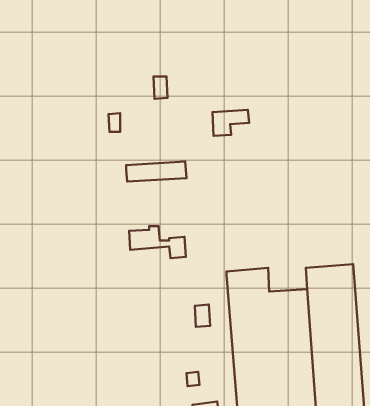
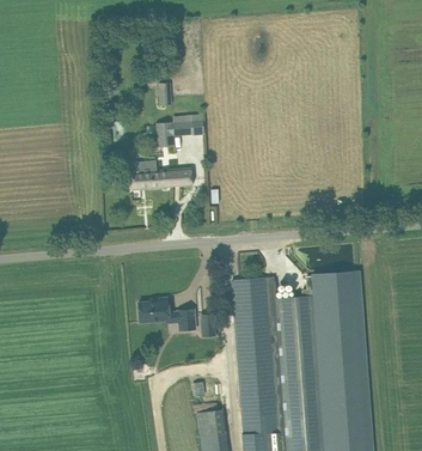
building: [212,110,249,136] -> [155,121,192,147]
building: [129,226,186,258] -> [137,298,195,330]

